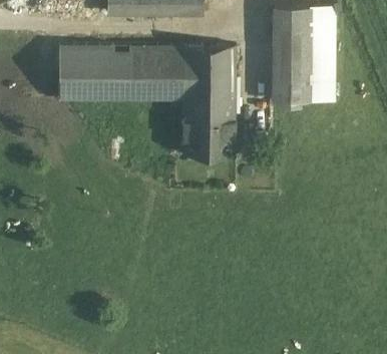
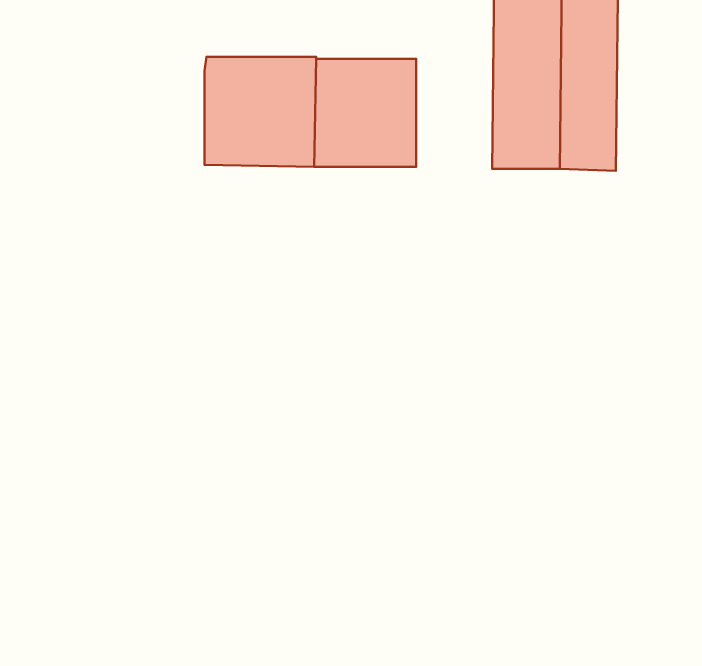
building: [59,44,128,99] -> none
building: [183,100,235,154] -> none

